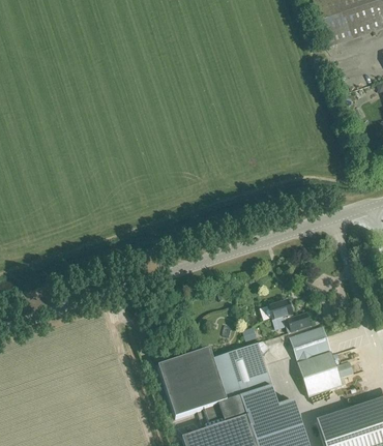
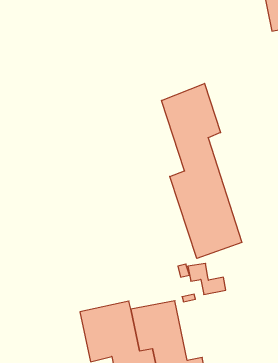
building: none -> [162,83,242,258]
building: [290,326,343,395] -> none

